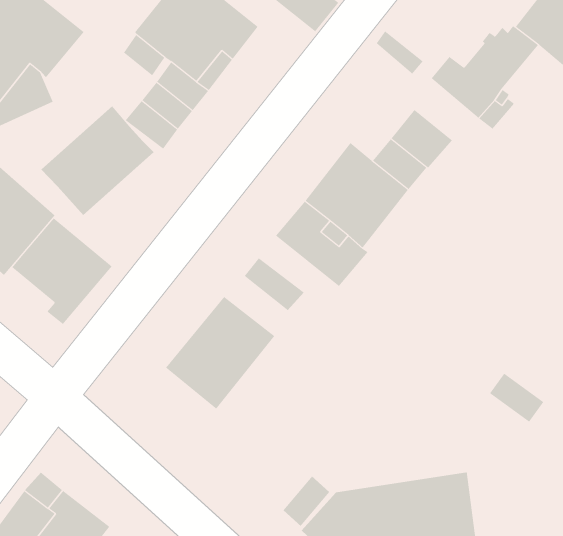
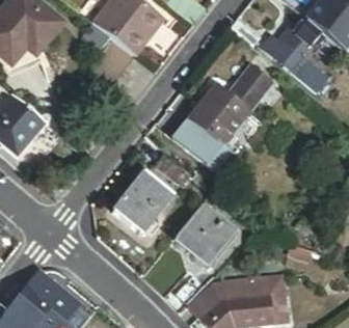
building: [41,106,155,216] -> none
building: [12,217,113,325] -> none
building: none -> [176,202,234,262]

